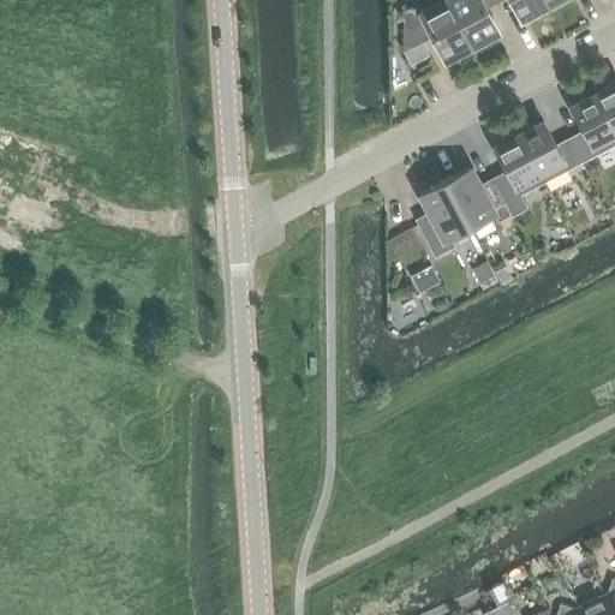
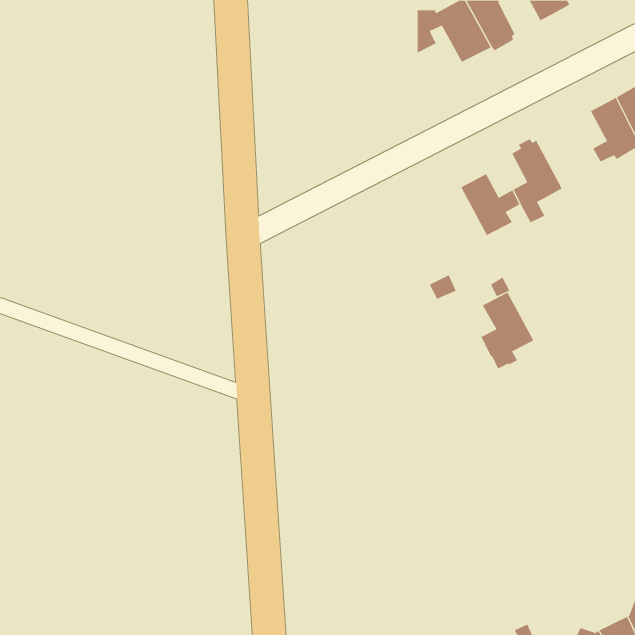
building: [519,124,580,184] -> none
building: [419,183,471,257] -> [480,292,534,369]

